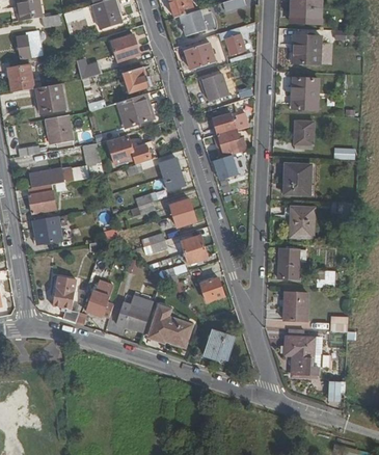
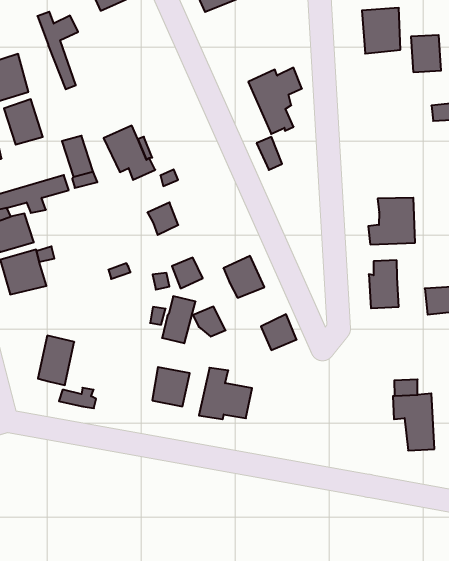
building: [121,63,151,91] -> none
building: [198,73,227,102] -> none
building: [117,91,151,126] -> none
building: [293,122,313,146] -> [411,35,441,72]
building: [163,156,188,188] -> none
building: [283,164,309,195] -> none
building: [168,197,195,226] -> none
building: [88,278,113,311] -> [162,296,196,343]
building: [281,293,305,323] -> none
building: [205,328,234,358] -> none

